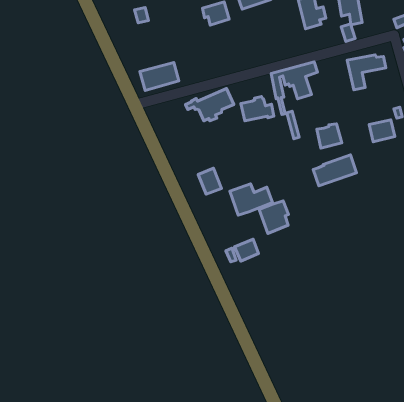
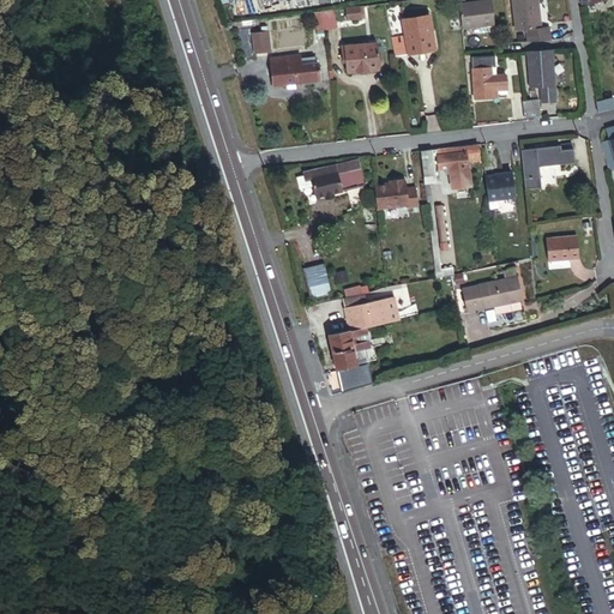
building: [140,63,179,91] -> [269,58,319,90]
building: [317,124,342,148] -> [486,170,517,200]
building: [259,201,289,233] -> [335,331,373,372]

